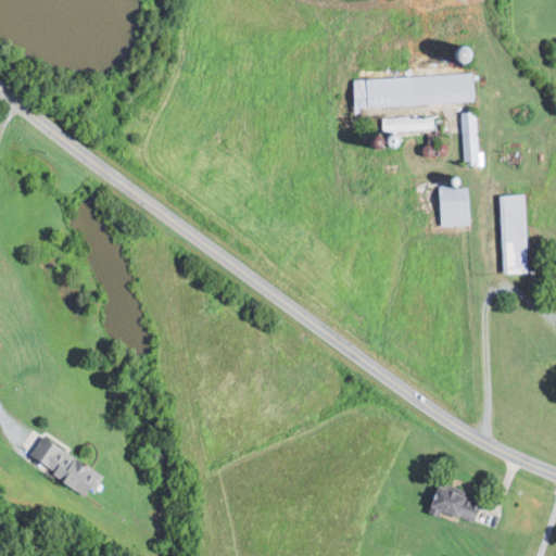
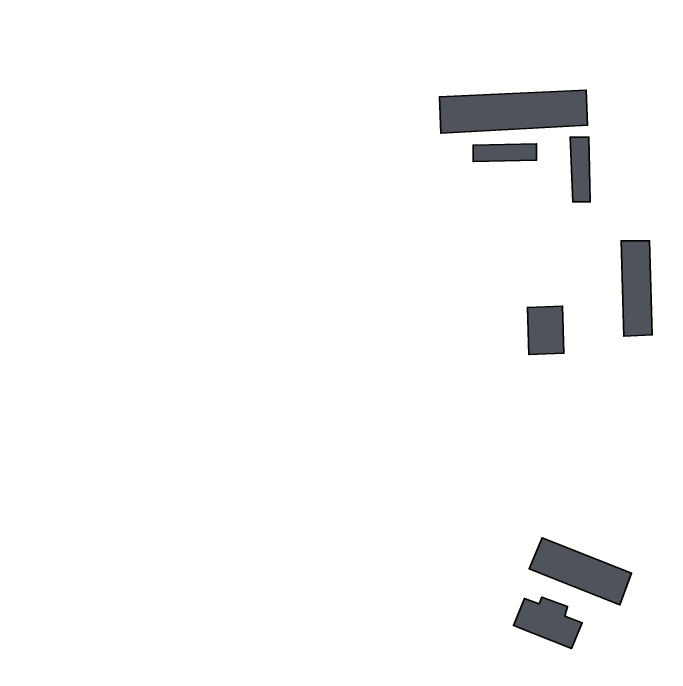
building: [441,188,470,227] -> [527,306,564,355]
building: none -> [529,538,631,605]
building: [28,438,109,497] -> none

